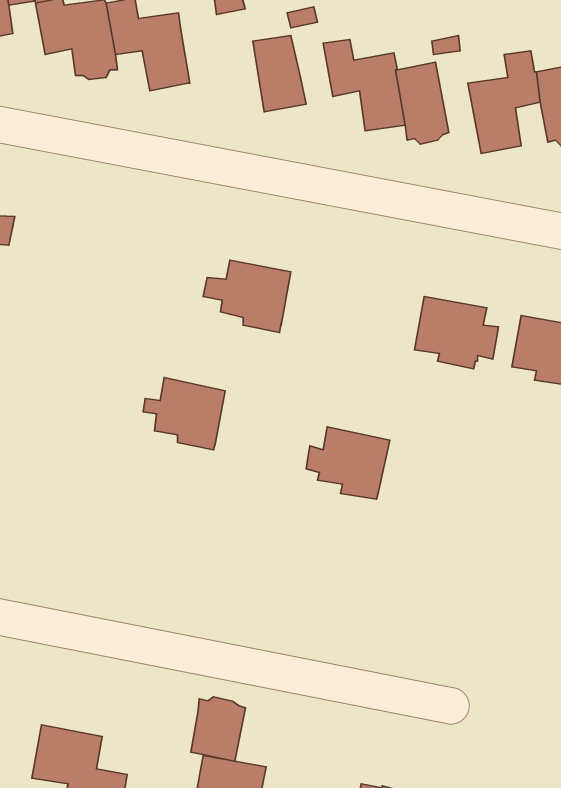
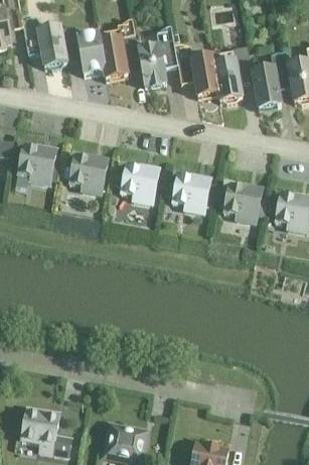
building: none -> [100,37,127,79]
building: none -> [17,145,58,184]
building: [143,378,225,450] -> [63,154,107,193]
building: [306,427,390,499] -> [166,173,210,212]
building: [191,697,245,761] -> none

